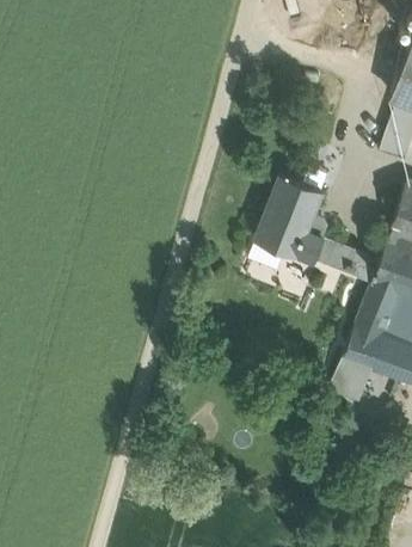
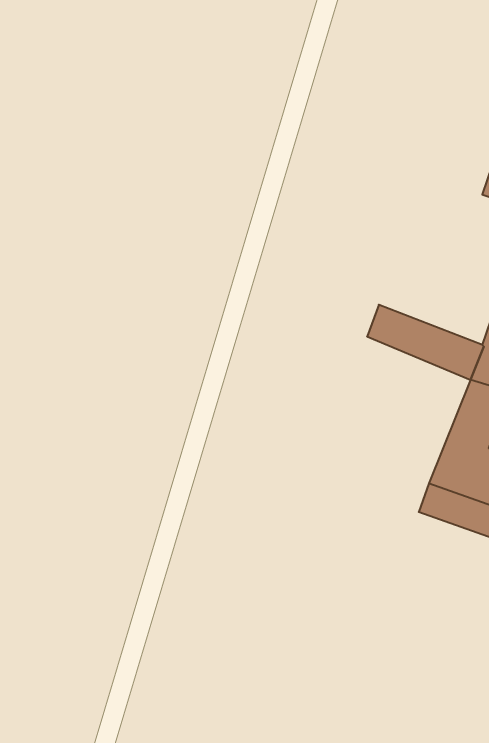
building: [257,174,322,256] -> none

